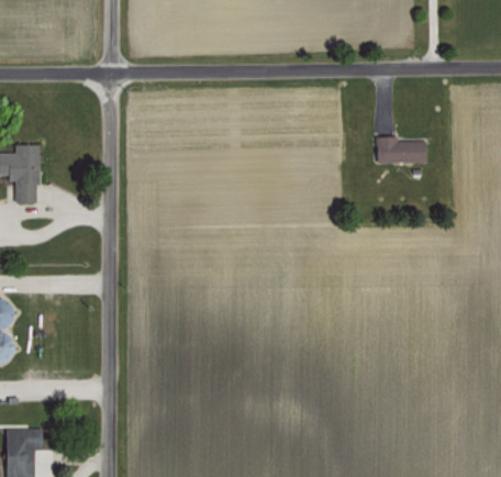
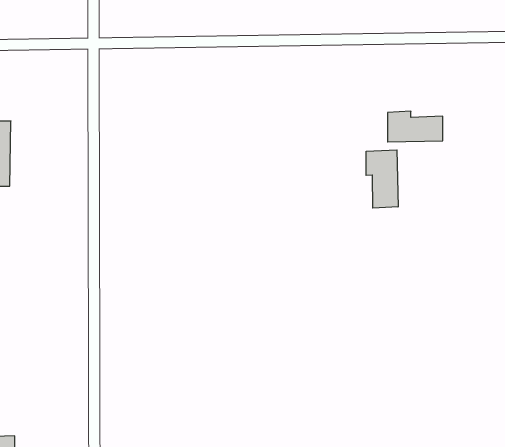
building: none -> [366,150,398,208]

